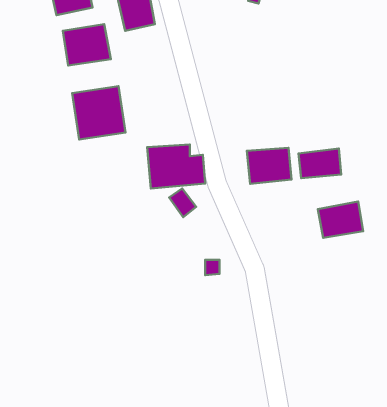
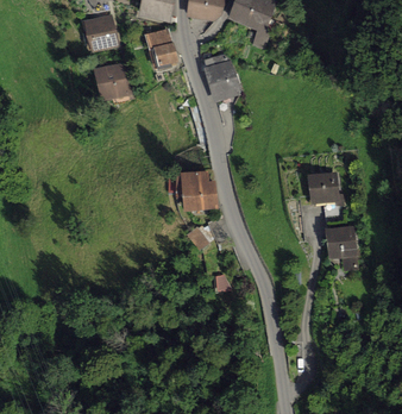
building: none -> [207,57,249,101]
building: [72,86,125,140] -> none
building: [247,148,291,184] -> none

